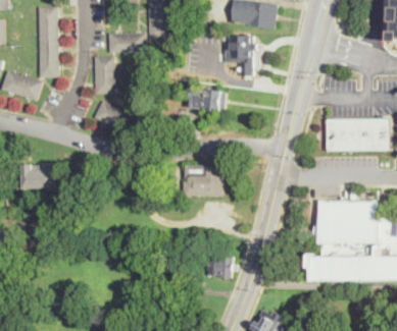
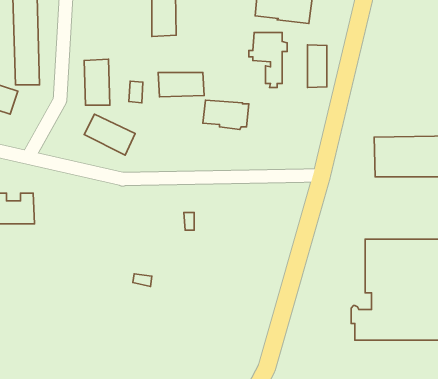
building: [108,34,145,53] -> [158,73,204,97]
building: none -> [307,45,327,87]
building: [184,165,222,197] -> none
building: [206,256,233,279] -> none

